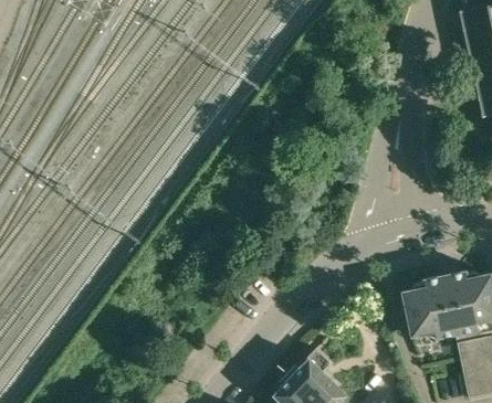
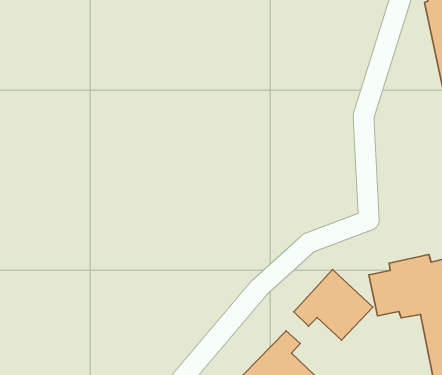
building: none -> [294,269,373,340]

